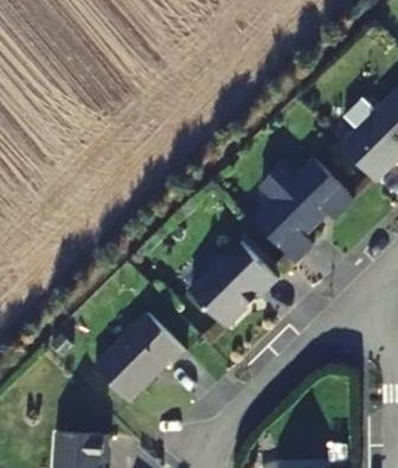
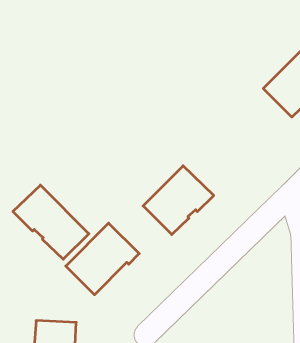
building: [252,159,353,262] -> none
building: none -> [13,185,89,259]

